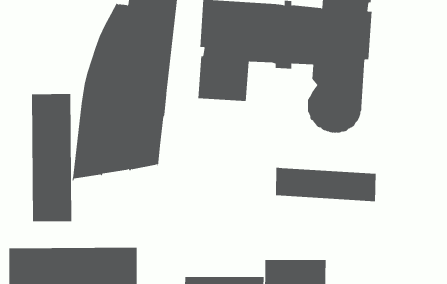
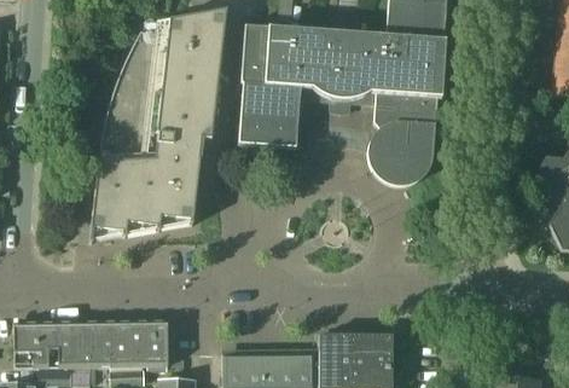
building: [32,93,72,222] -> none
building: [275,167,376,202] -> none

